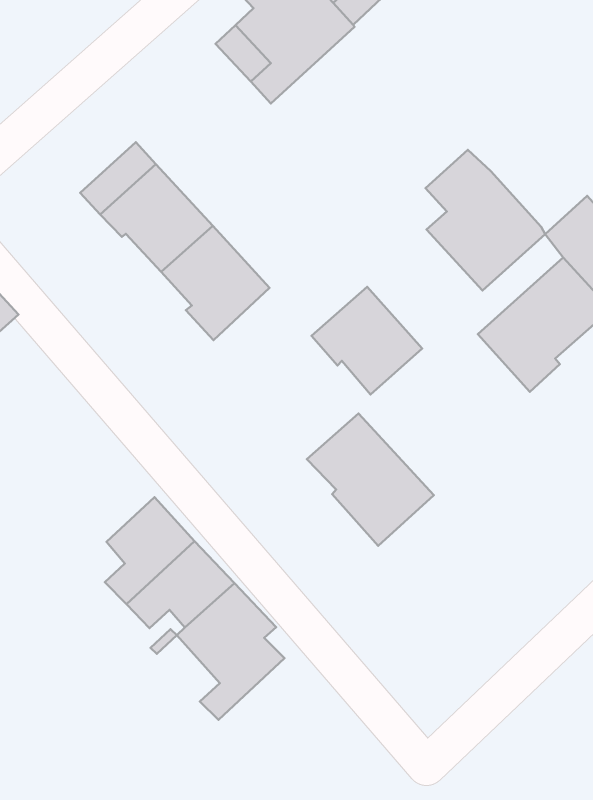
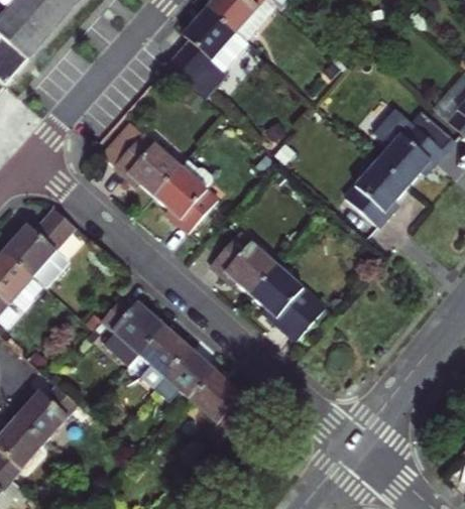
building: [426,150,545,291] -> none
building: [312,287,422,394] -> [211,228,275,289]
building: none -> [89,296,164,367]

